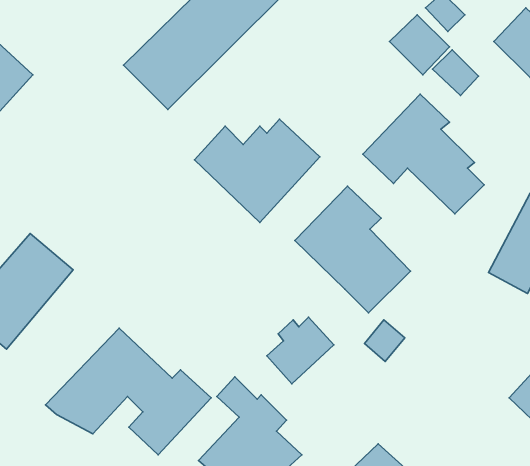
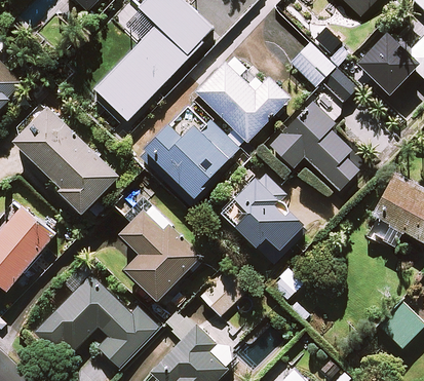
building: none -> [195,56,287,143]
building: none -> [13,107,118,215]
building: none -> [112,188,199,300]

